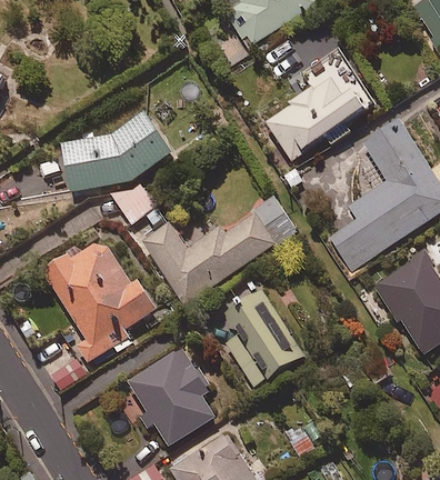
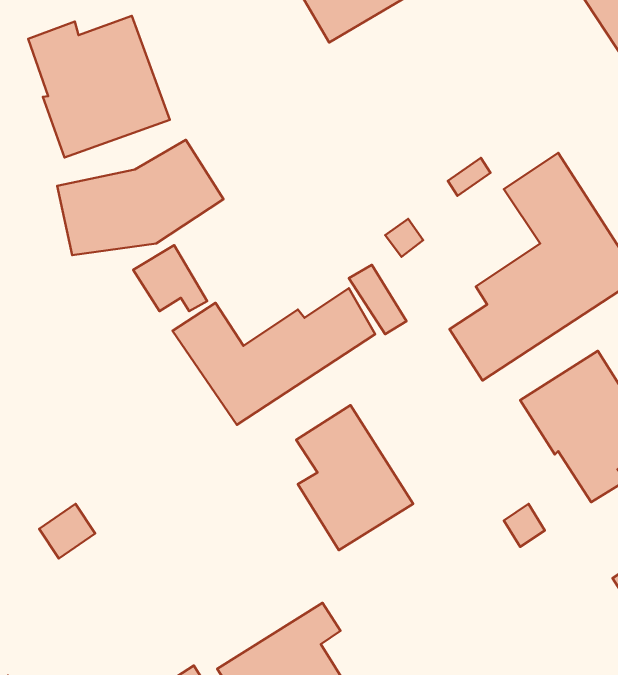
building: none -> [28,16,170,157]
building: [266,74,370,161] -> none
building: [46,239,157,361] -> none
building: [128,347,216,446] -> none

